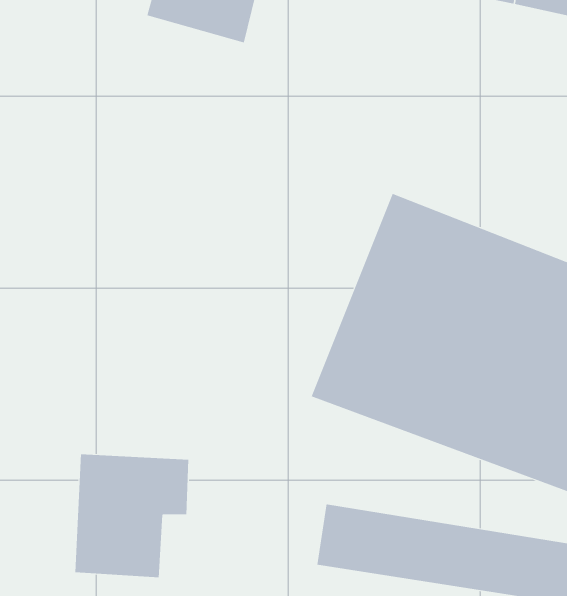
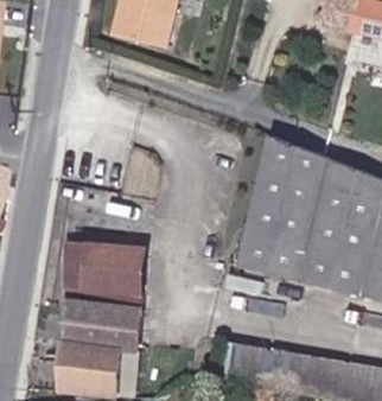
building: none -> [69,243,142,312]

